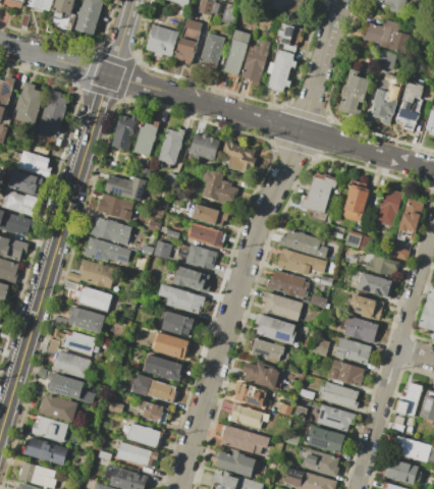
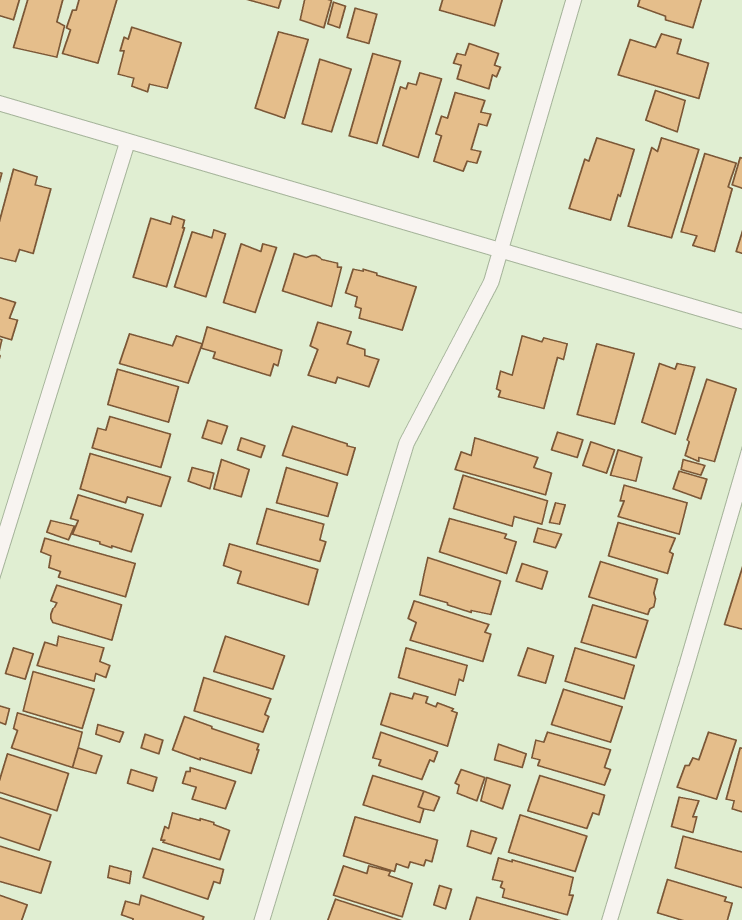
building: [146,23,178,57] -> [118,27,181,92]
building: [186,201,228,226] -> [201,327,282,376]
building: [161,309,195,336] -> none

